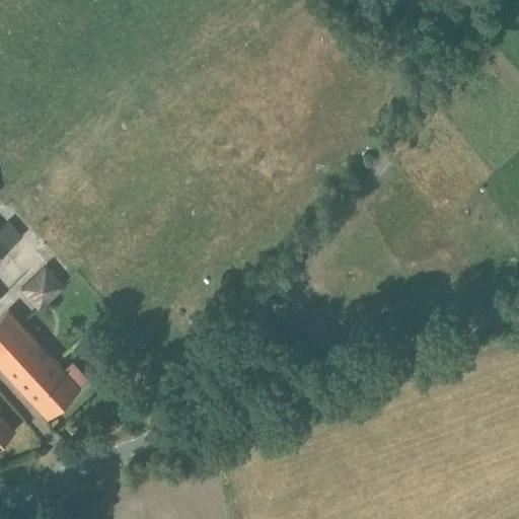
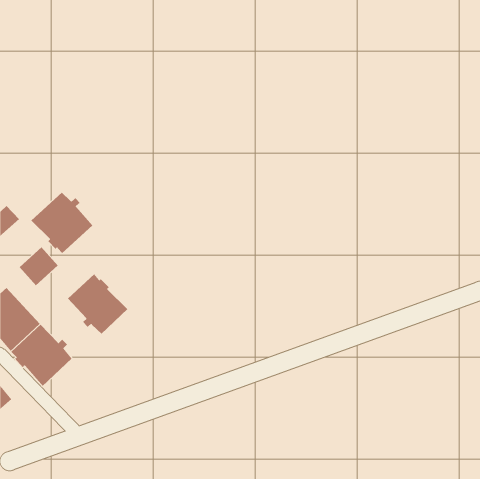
building: none -> [31,192,93,254]
building: none -> [67,273,128,334]

